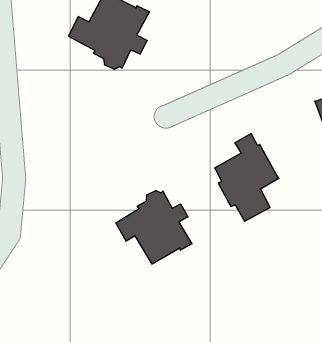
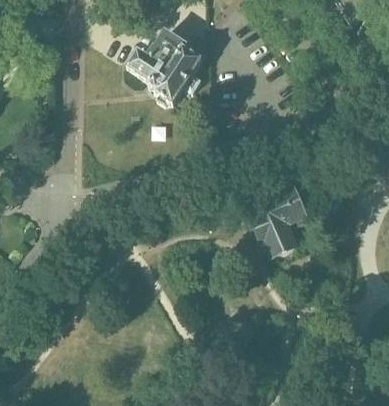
building: [116,190,192,264] -> none

